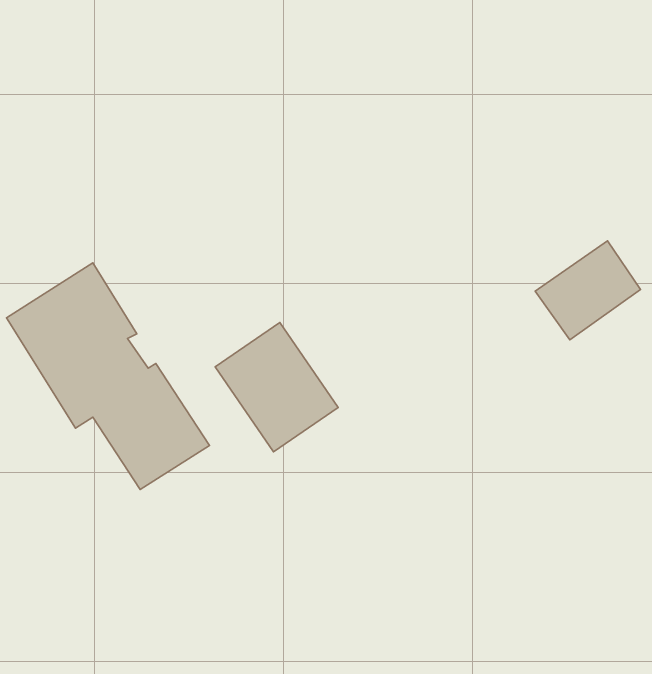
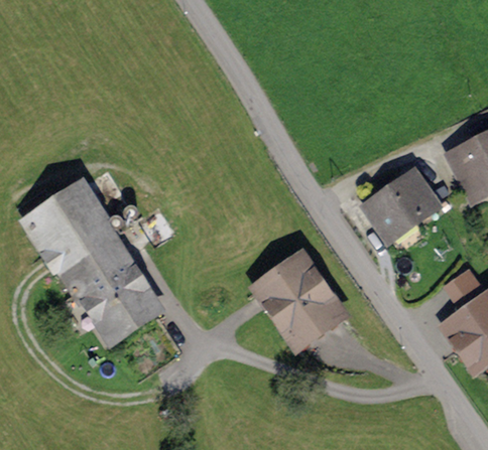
building: [215,323,338,452] -> [259,255,338,337]

